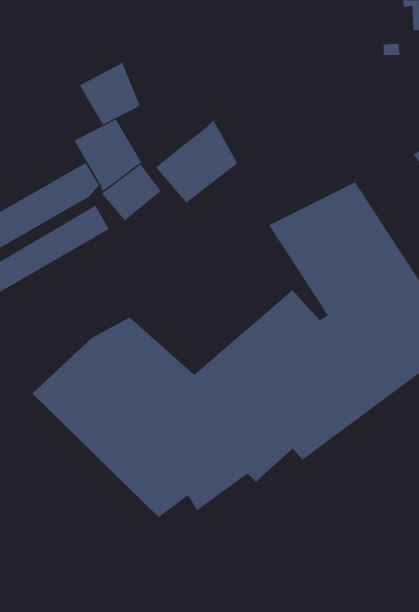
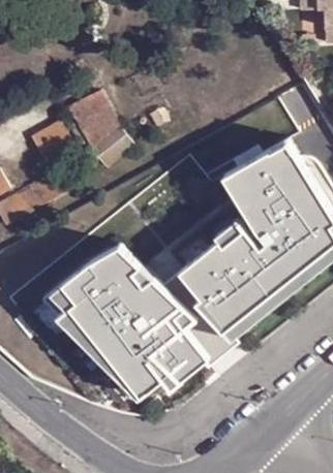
building: [79,61,140,125] -> none
building: [155,120,238,203] -> none

